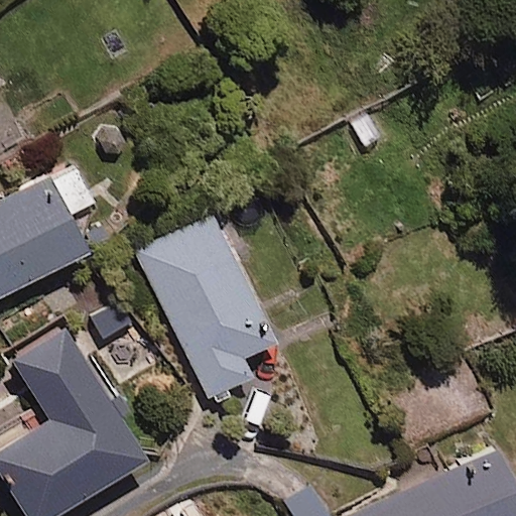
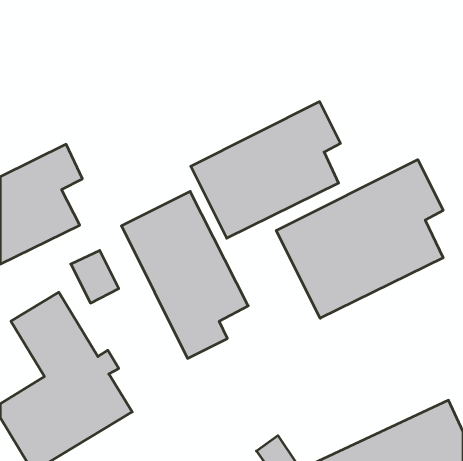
building: none -> [191,102,340,238]
building: none -> [276,160,443,318]

